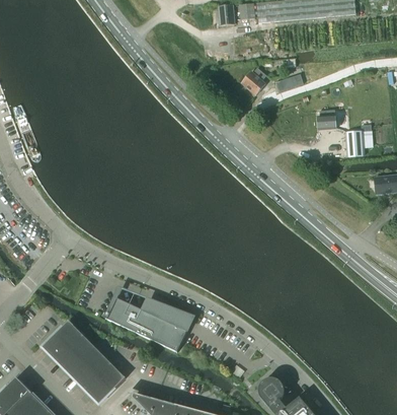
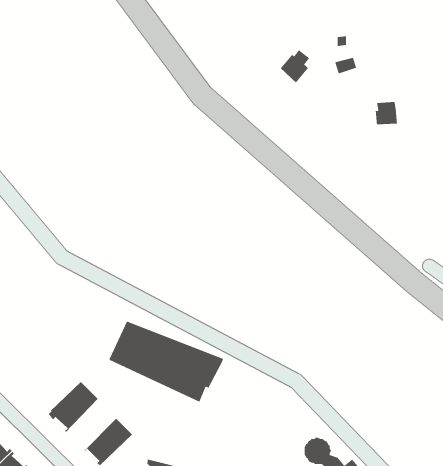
building: [344,130,363,156] -> none
building: [42,321,82,358] -> none
building: [70,348,110,390] -> none

